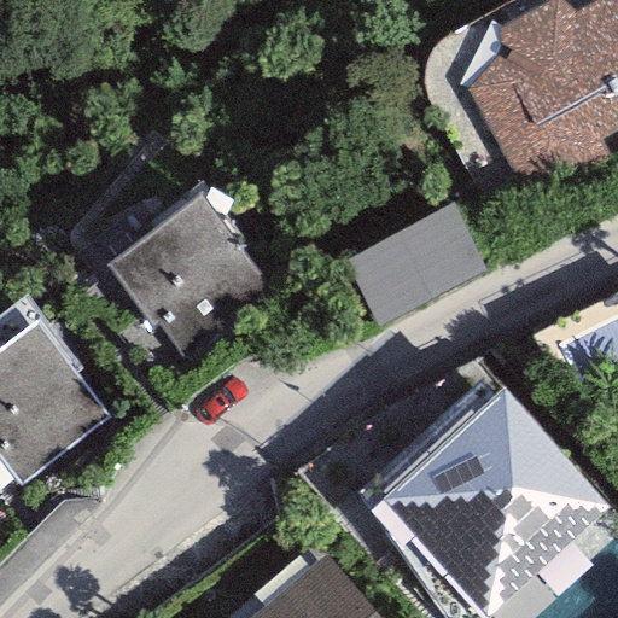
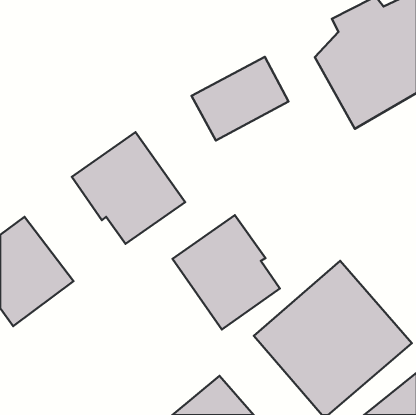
building: [343,202,486,326] -> [191,57,289,141]
building: none -> [172,215,280,330]

